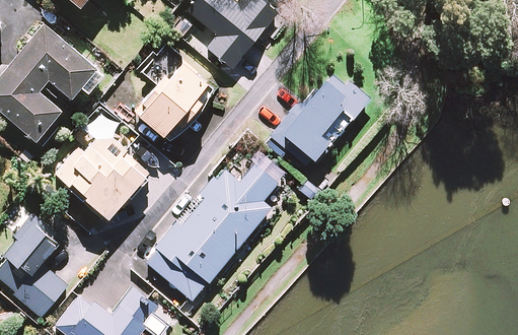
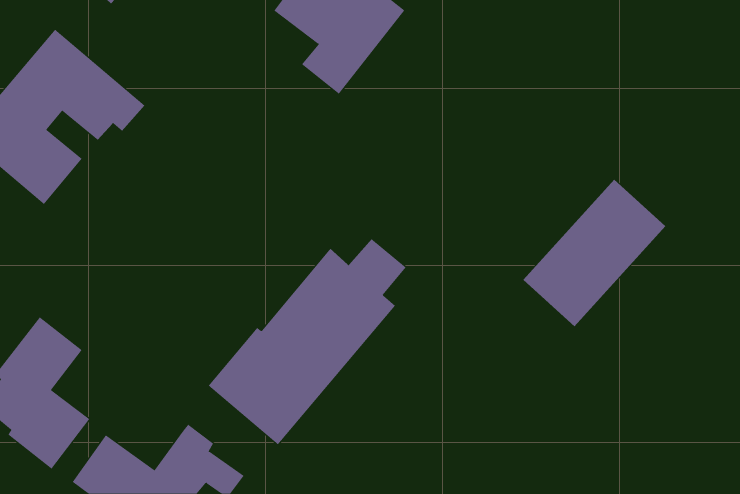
building: [135,46,215,138] -> none
building: [272,70,367,169] -> [523,179,666,327]
building: [54,135,146,220] -> none

